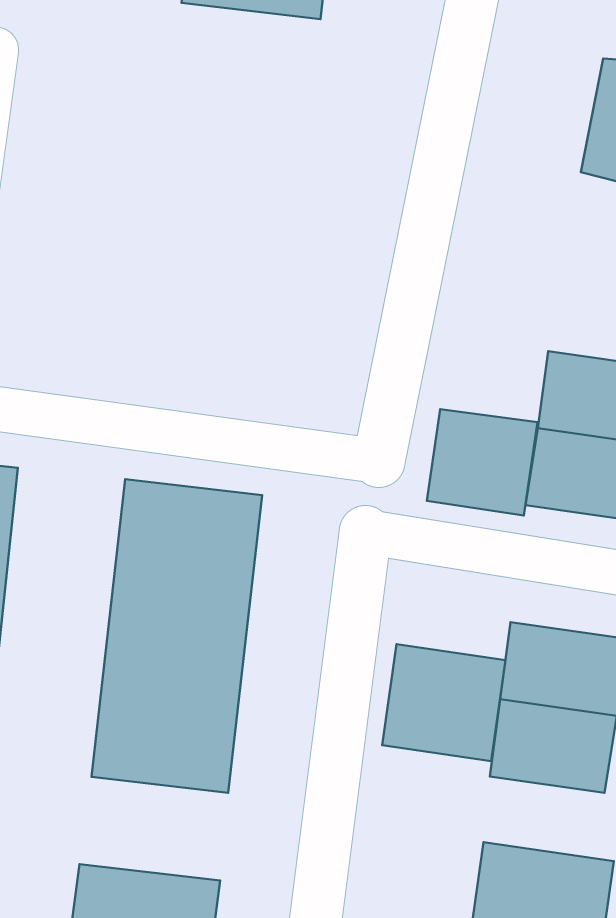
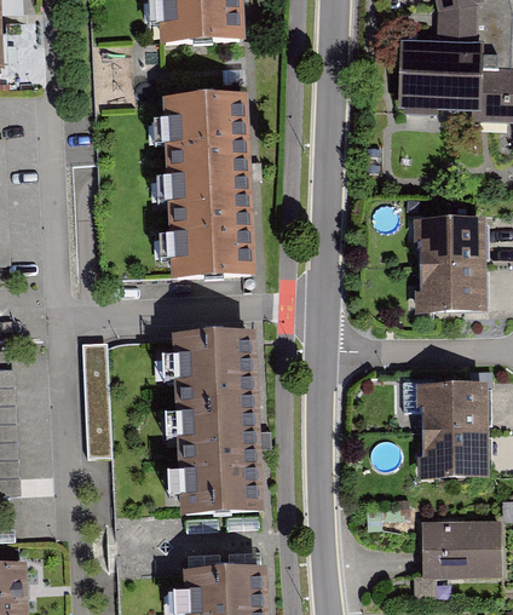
building: none -> [161,93,254,278]
building: [427,409,537,515] -> none
building: [382,644,506,761] -> none

